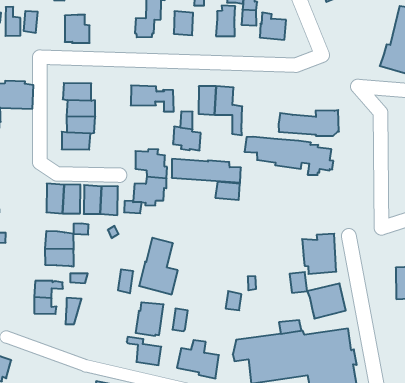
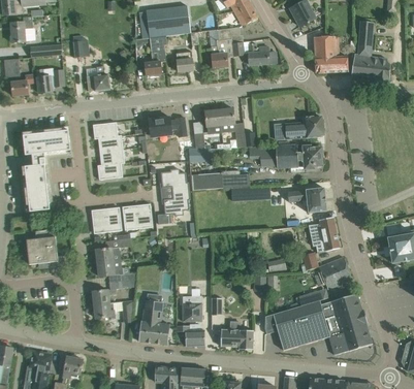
building: none -> [314,36,348,73]
building: none -> [288,188,326,213]
building: [139,238,178,294] -> [139,300,169,345]

